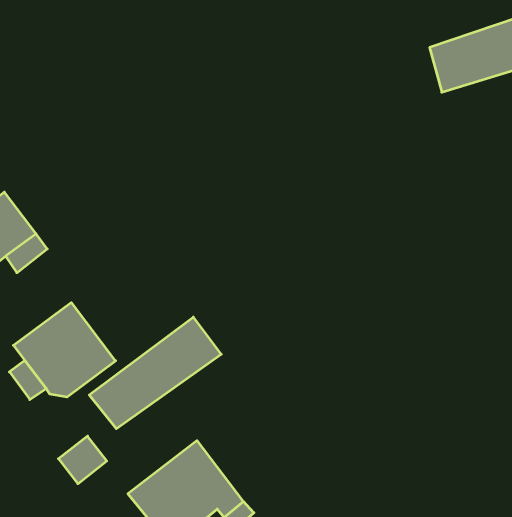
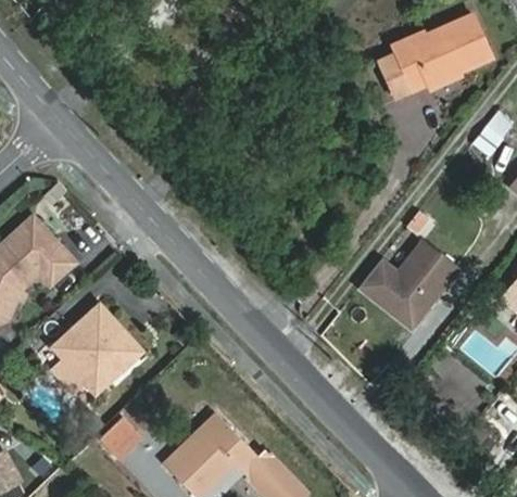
building: none -> [356,235,461,331]
building: [89,317,221,429] -> none

